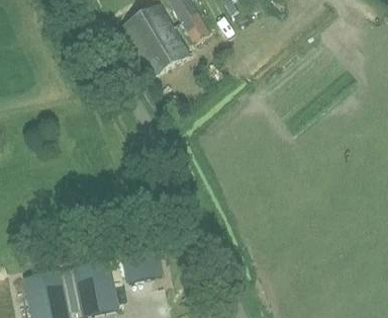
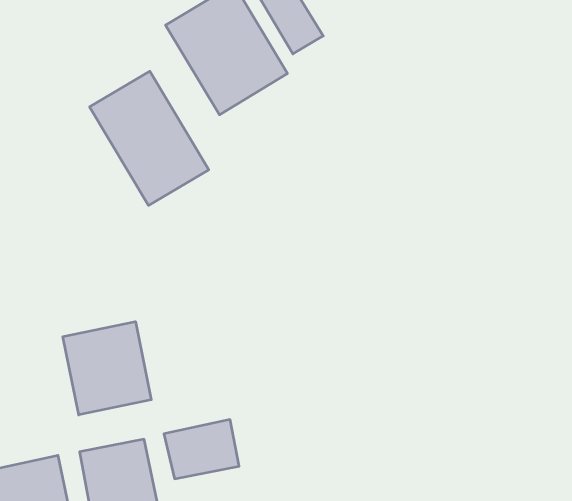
building: none -> [90,71,209,205]
building: none -> [63,322,151,415]

